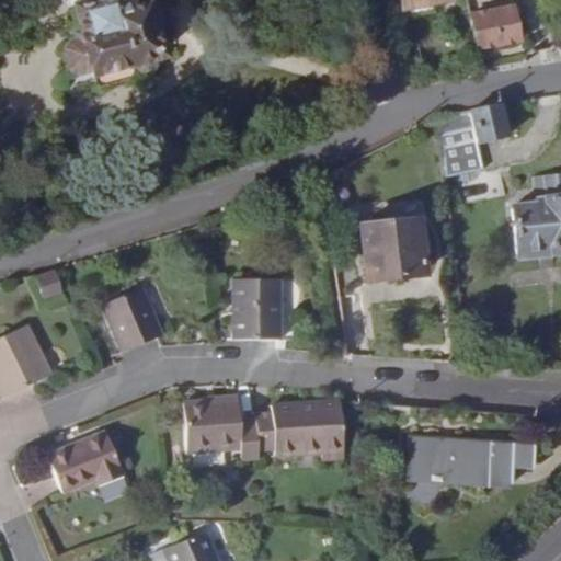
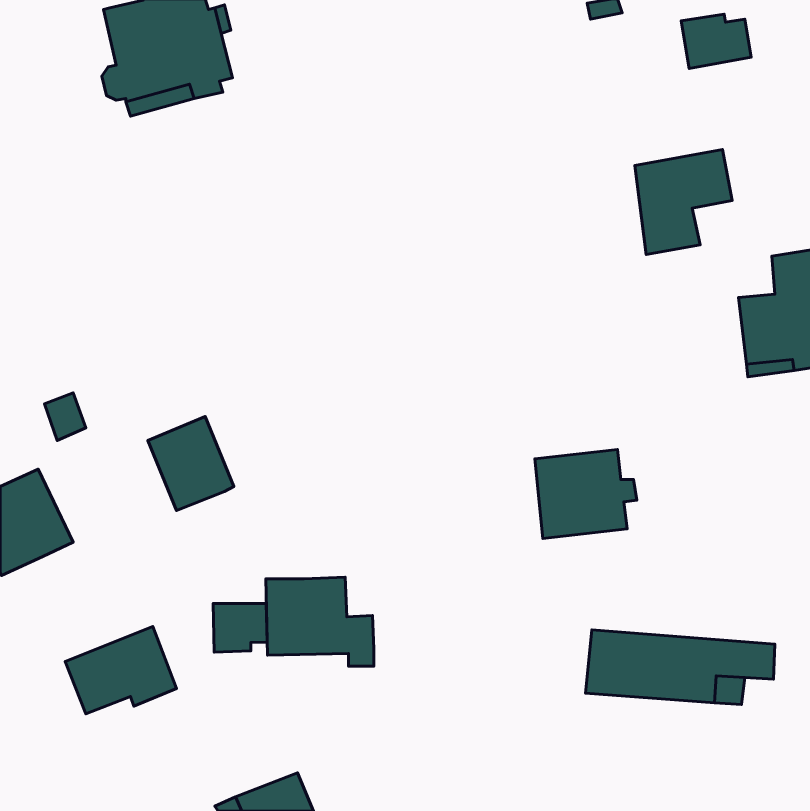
building: [362,220,432,282] -> [535,449,637,538]
building: [233,278,280,339] -> none
building: [259,403,344,458] -> none
building: none -> [213,603,267,652]

